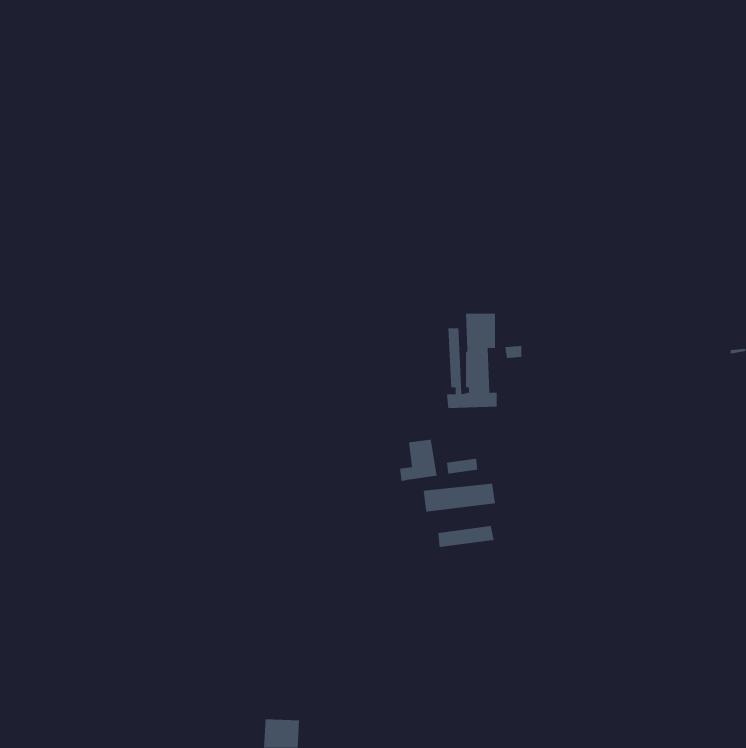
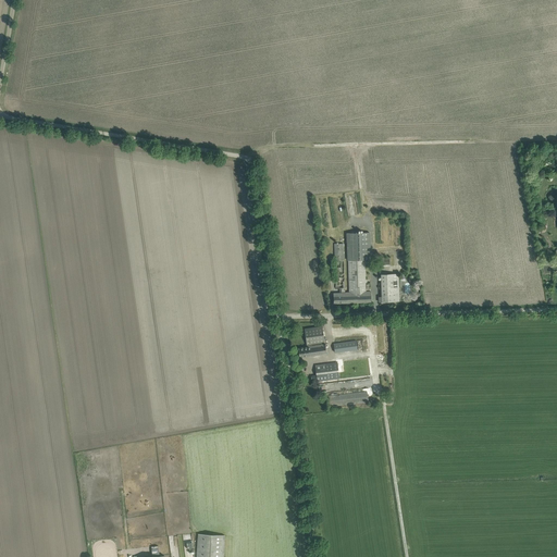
building: none -> [377,274,398,301]

